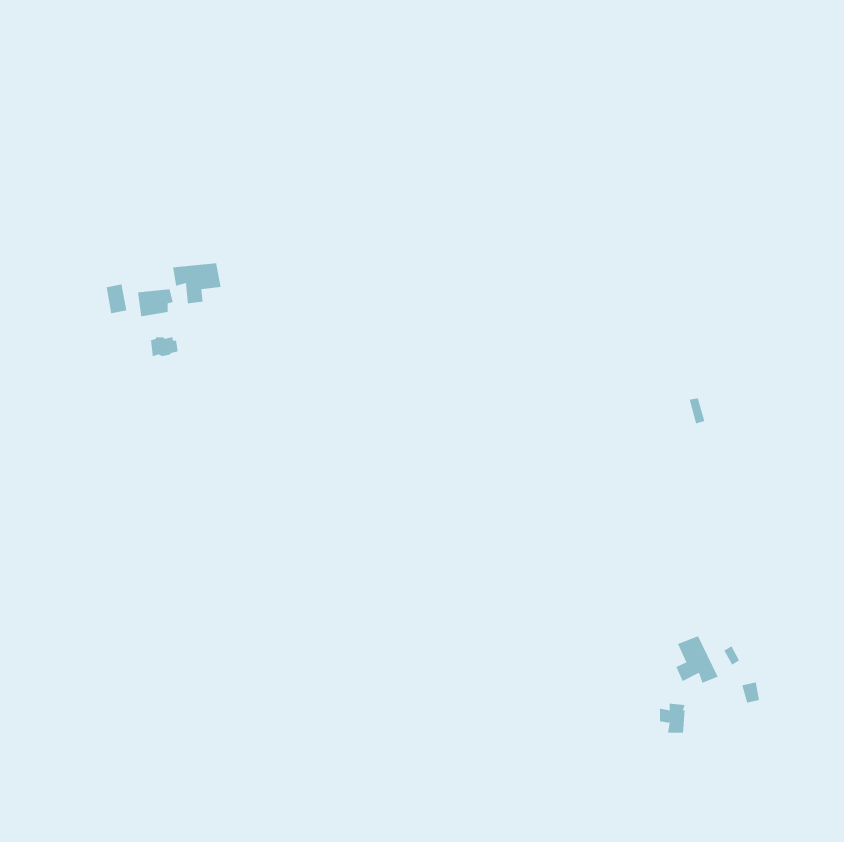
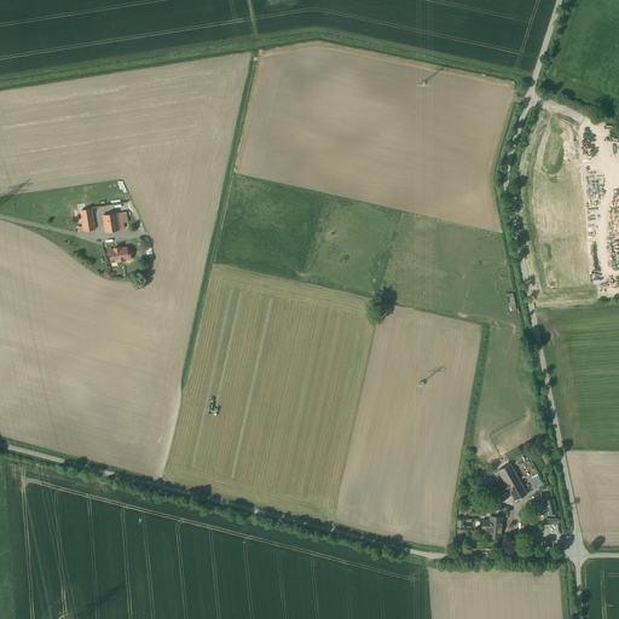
building: [172,263,221,304] -> none

